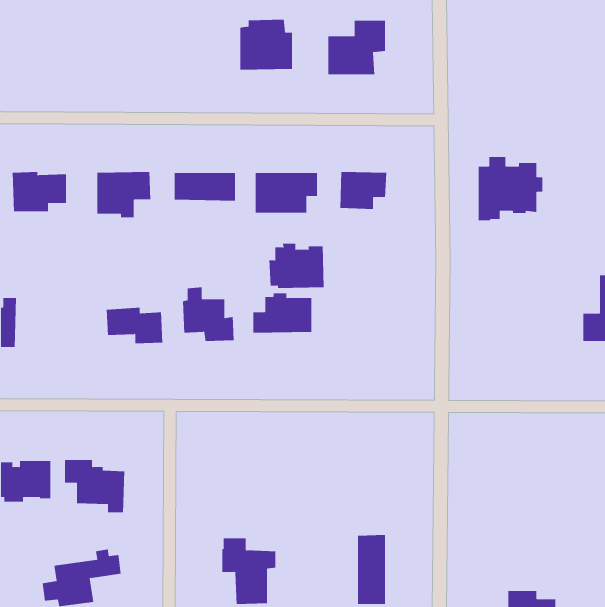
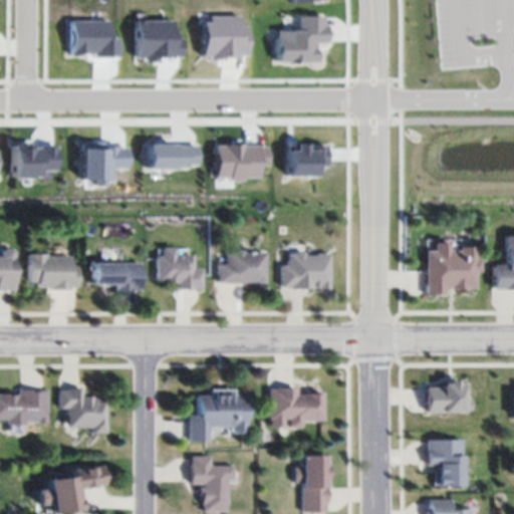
building: none -> [72,22,122,59]
building: none -> [138,22,185,63]
building: [478,156,543,221] -> [427,241,482,295]
building: [269,243,325,289] -> [283,250,330,288]
building: none -> [27,252,77,288]
building: none -> [428,379,466,413]
building: none -> [270,387,326,427]
building: none -> [188,397,247,442]
building: none -> [427,438,465,485]

